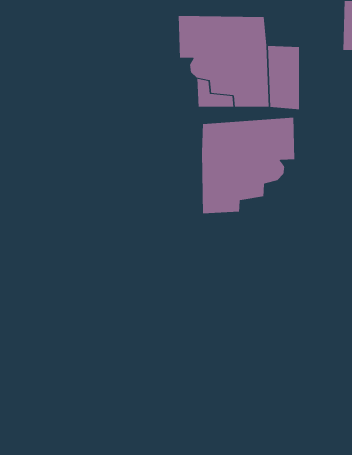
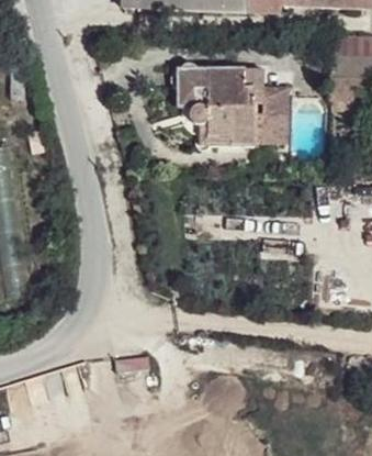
building: [201,117,295,214] -> none

